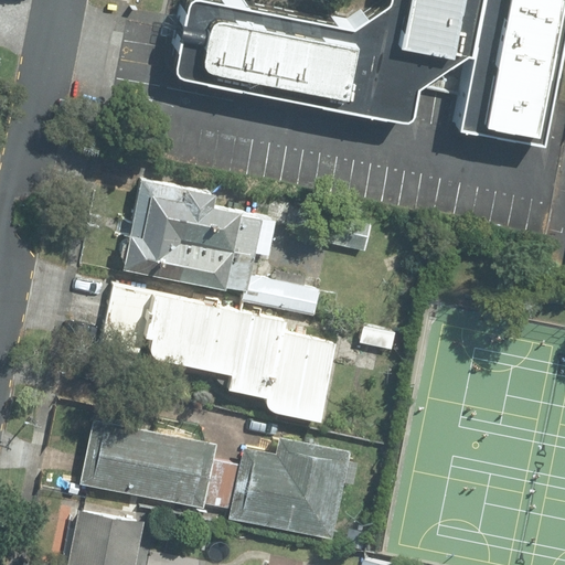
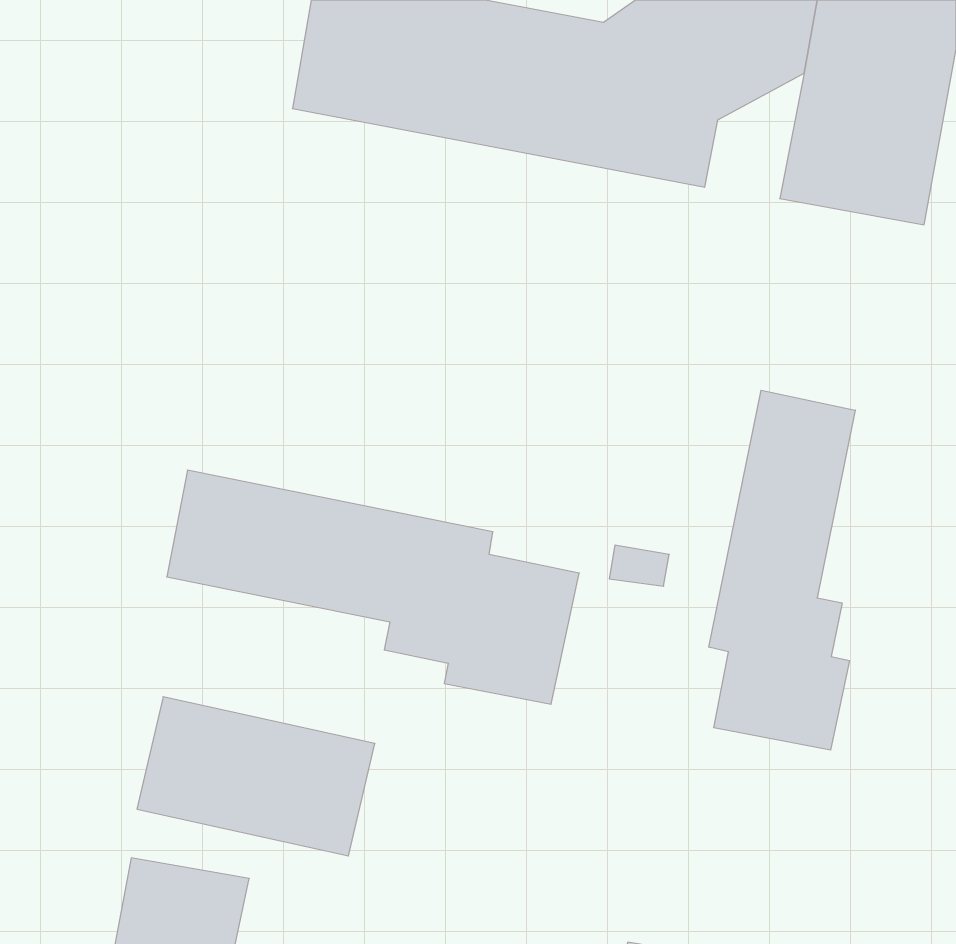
building: [122,178,320,320] -> none
building: none -> [709,390,855,750]
building: [228,437,348,540] -> none

